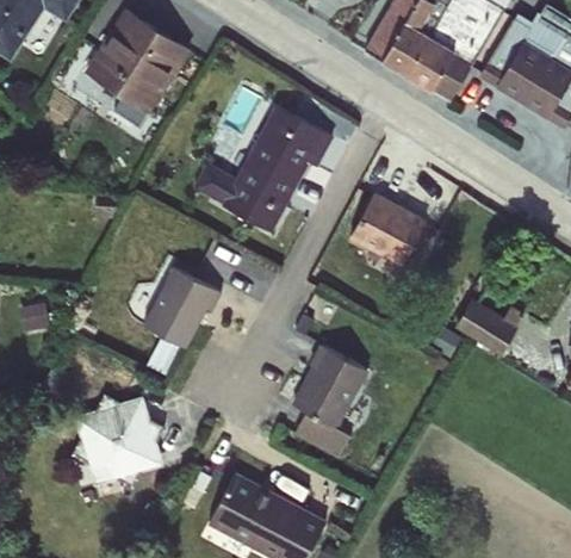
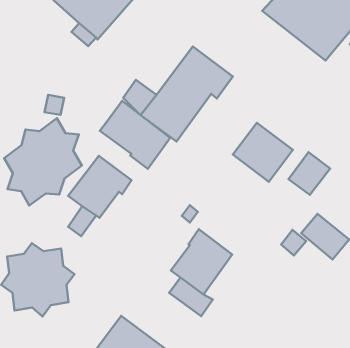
building: none -> [100,101,170,169]
building: none -> [289,152,330,195]
building: none -> [4,118,82,206]

